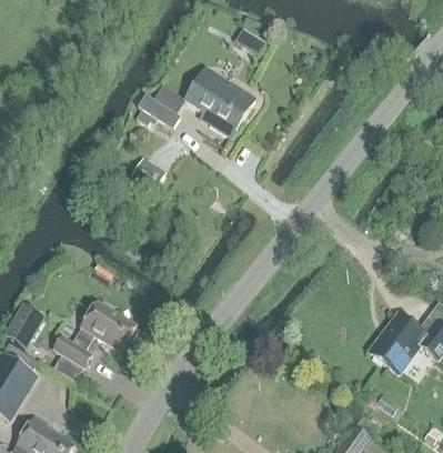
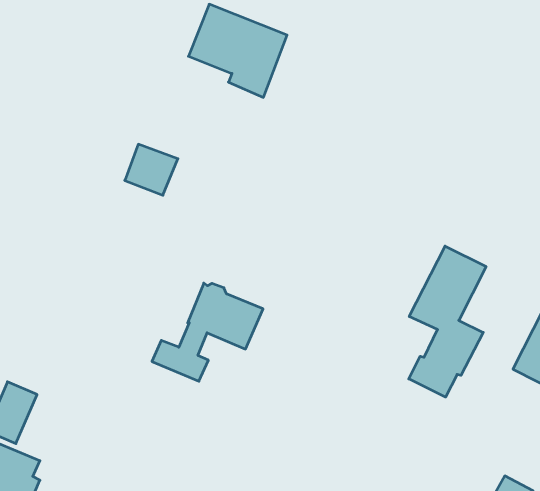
building: [134,94,180,129] -> none
building: none -> [409,246,486,397]
building: [53,300,135,366] -> [152,283,263,381]

